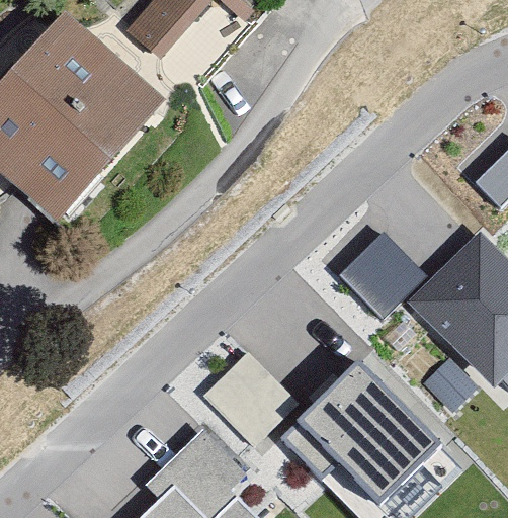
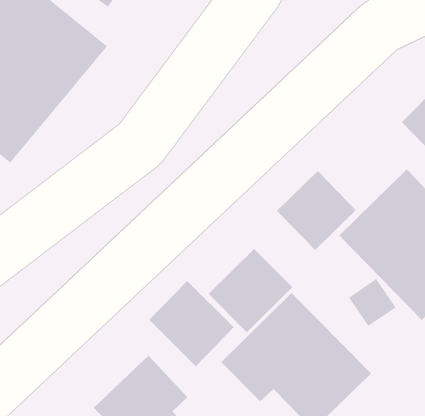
building: none -> [208,248,293,333]

